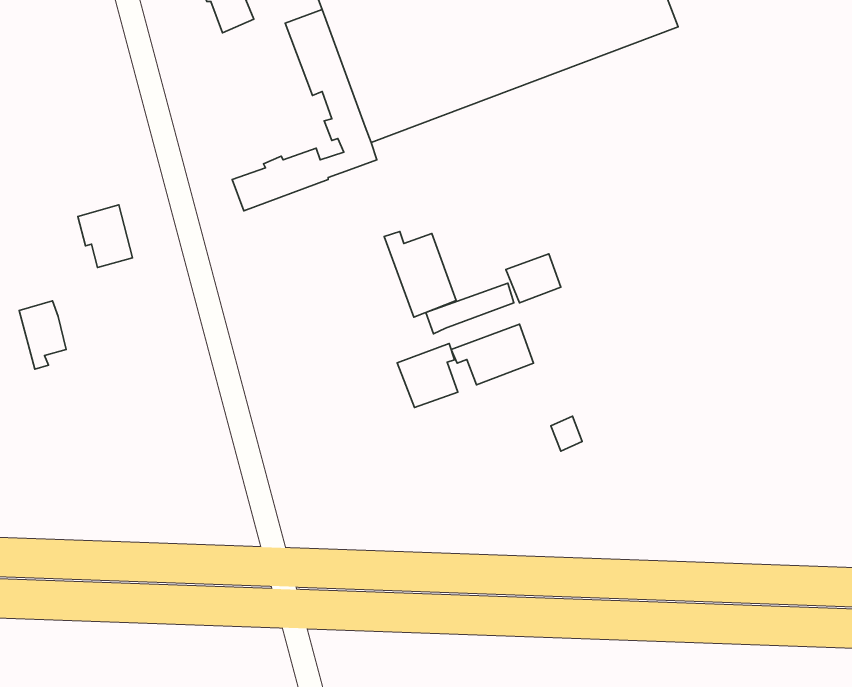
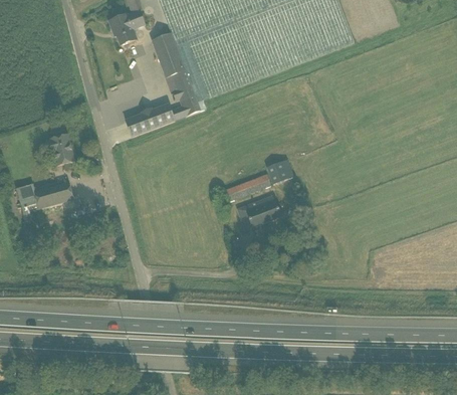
building: [384,232,456,317] -> none
building: none -> [35,182,72,208]
building: [397,343,458,408] -> none

